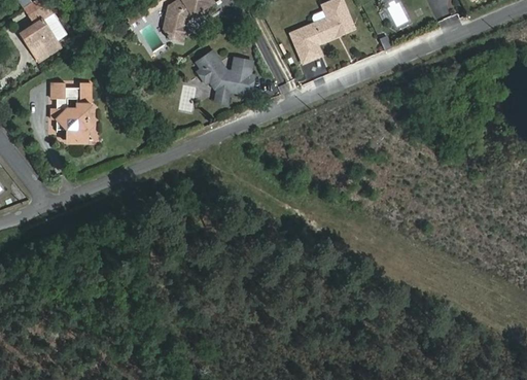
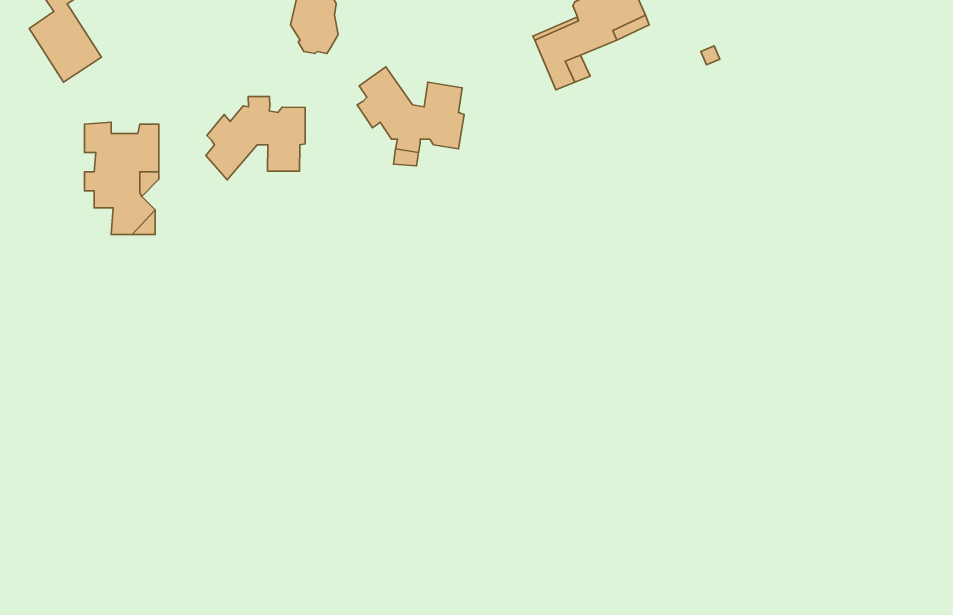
building: none -> [206,97,305,180]

